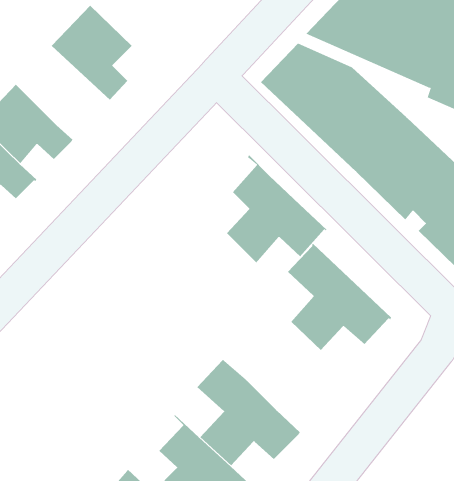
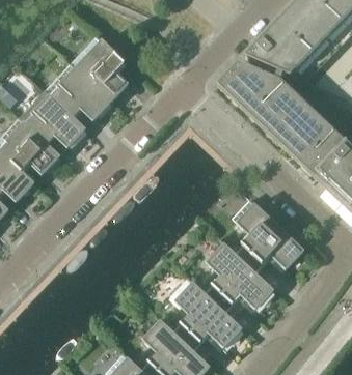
building: none -> [48,63,112,117]
building: [226,154,328,263] -> [206,237,275,312]

